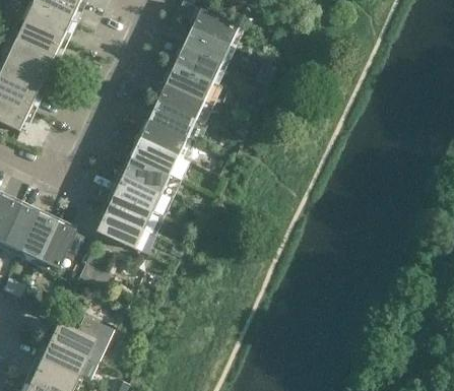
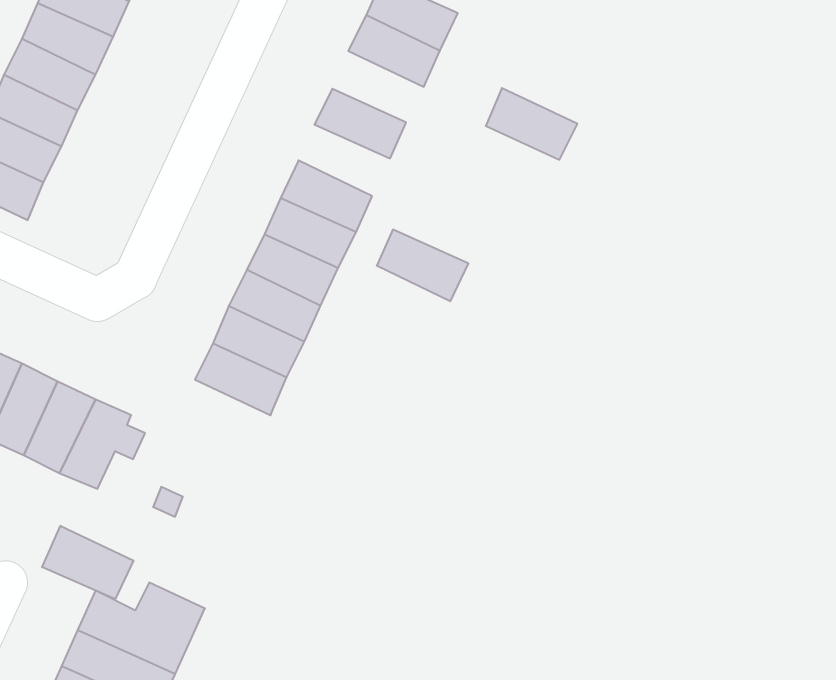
building: [176,44,222,80] -> [486,88,577,160]
building: [158,81,205,118] -> [377,230,468,301]
building: [98,211,144,248] -> none
building: none -> [42,526,133,599]

